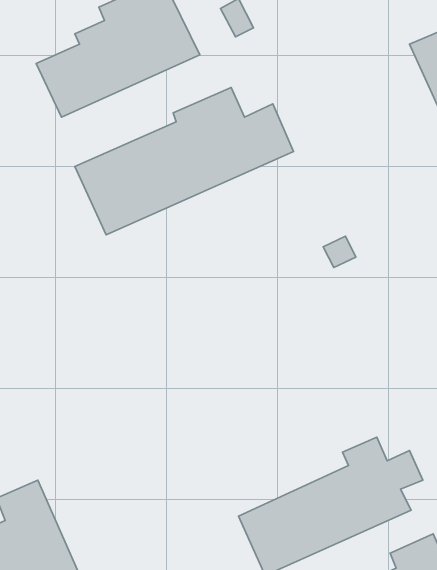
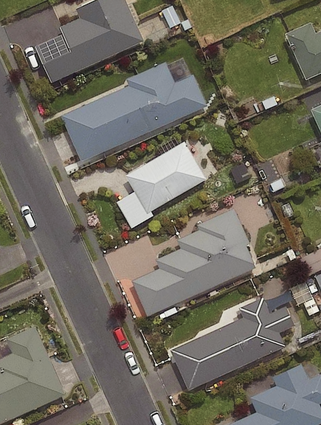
building: none -> [124,141,207,214]
building: none -> [132,209,256,316]

